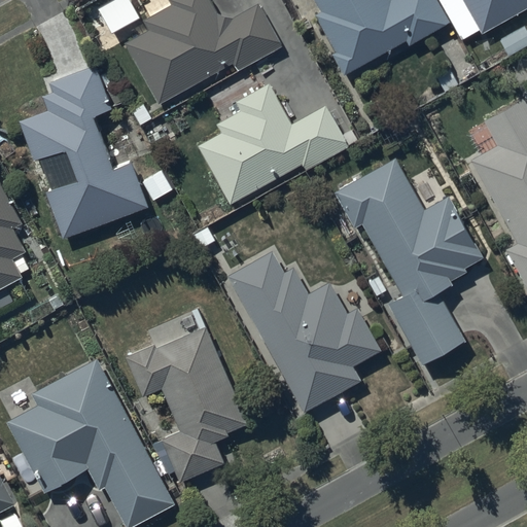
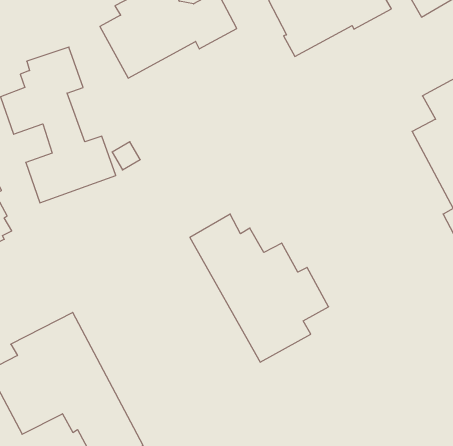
building: [198,82,357,204] -> none
building: [333,157,482,365] -> none
building: [125,325,248,481] -> none

